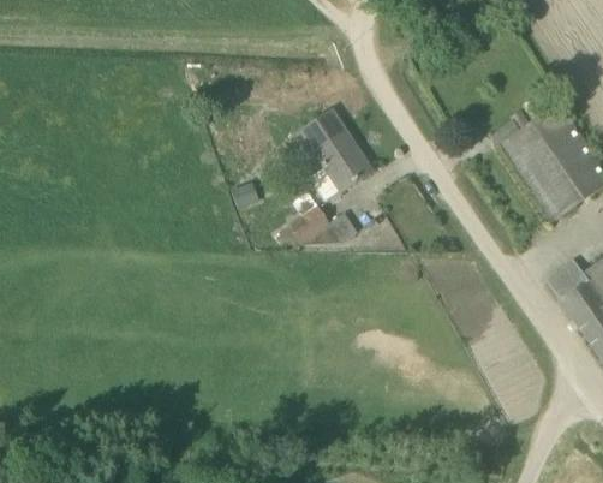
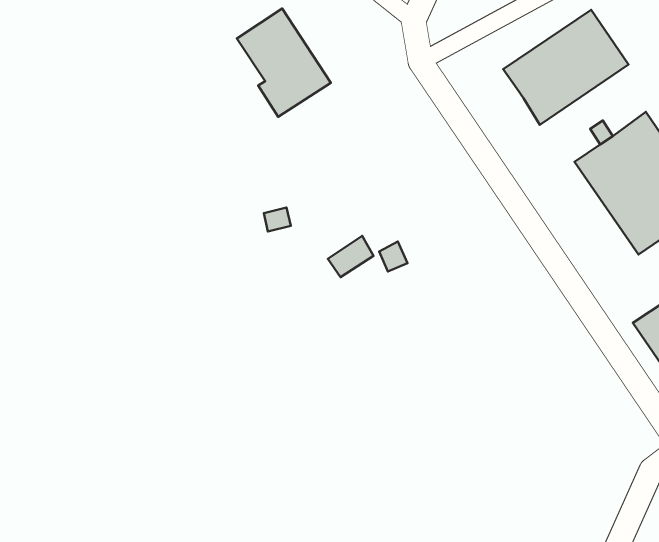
building: none -> [503,10,629,125]
building: [293,109,372,201] -> [237,9,331,117]

